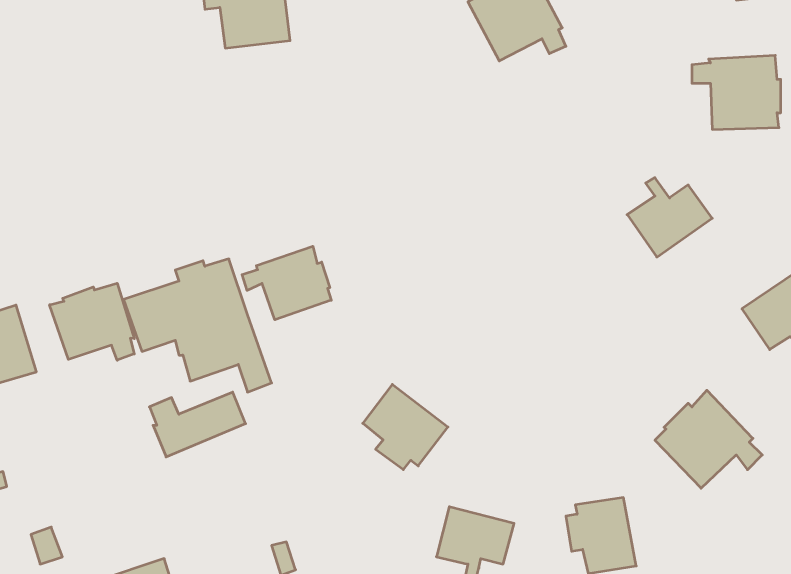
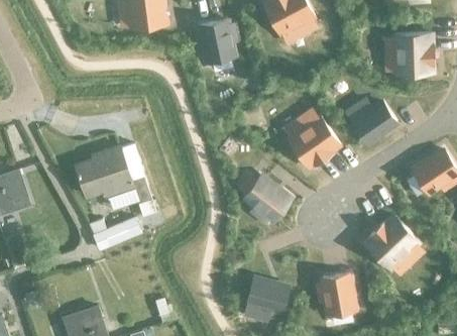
building: none -> [201,20,238,64]
building: none -> [288,109,341,169]
building: [242,246,331,320] -> none
building: [50,283,134,360] -> none
building: [363,384,448,470] -> [244,177,291,223]

